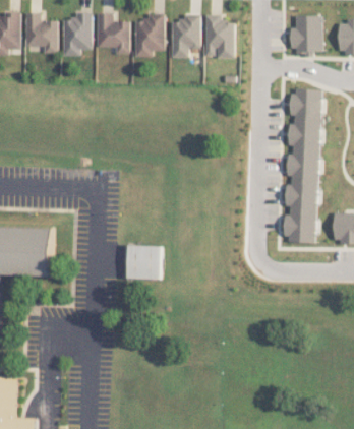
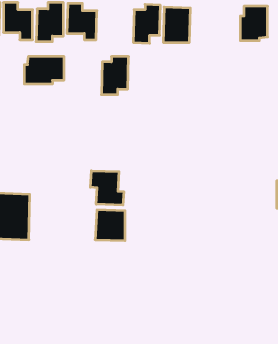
building: [134,14,165,57] -> [101,57,129,95]
building: none -> [24,56,64,84]
building: [282,88,320,243] -> none
building: none -> [90,171,124,205]

